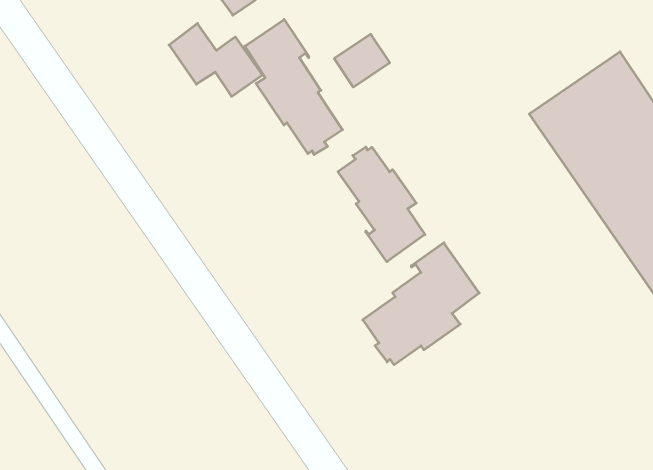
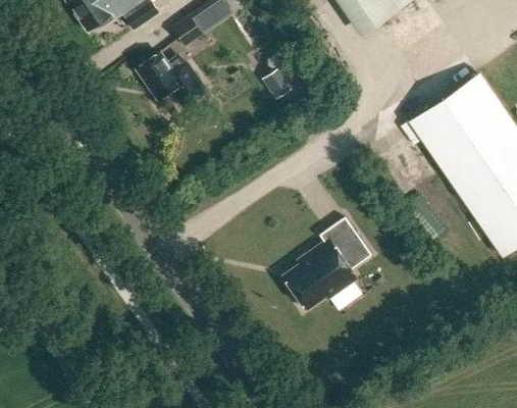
building: [245,19,343,155] -> none
building: [338,147,425,262] -> none

